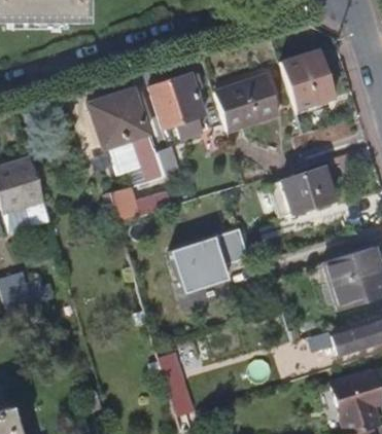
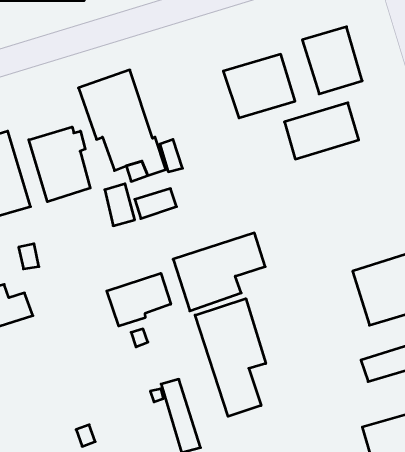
building: [149,72,204,138] -> none
building: none -> [29,127,90,202]
building: [270,167,334,215] -> [284,103,359,159]
building: none -> [107,273,171,326]
building: none -> [195,299,266,416]

